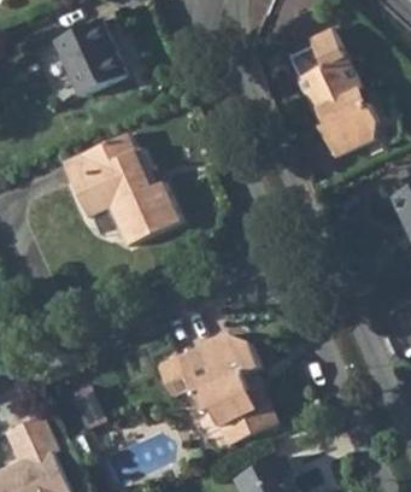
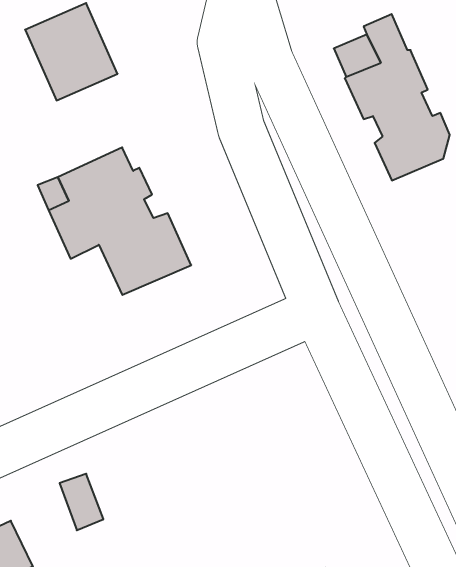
building: [154,335,274,444] -> none

